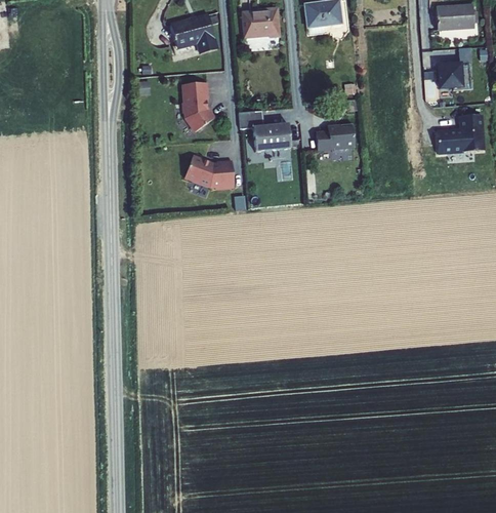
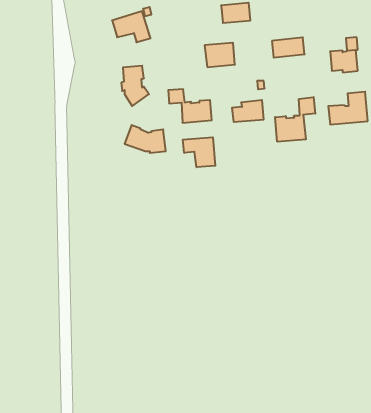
building: [244,9,281,39] -> [205,43,235,67]
building: [431,12,471,37] -> [272,37,305,58]
building: none -> [275,97,315,142]
building: none -> [183,137,215,167]

